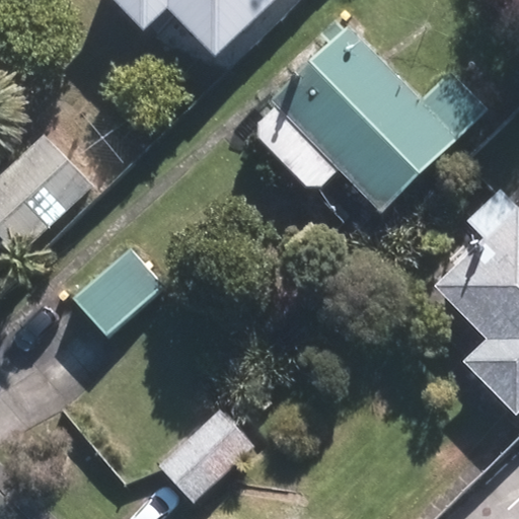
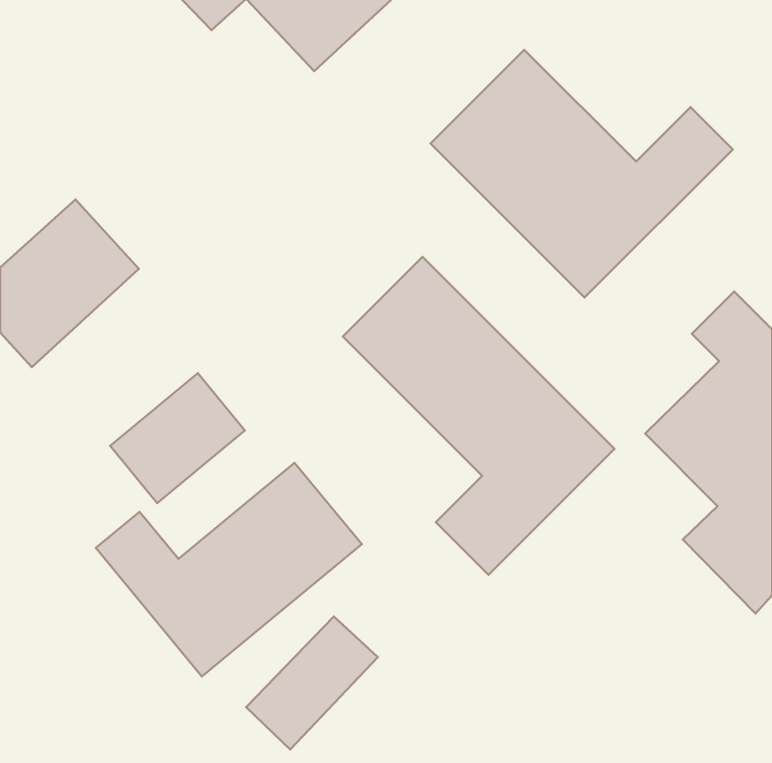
building: none -> [343,257,614,575]
building: none -> [96,463,362,676]

